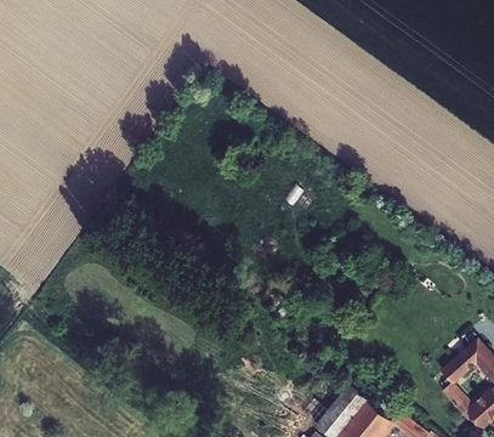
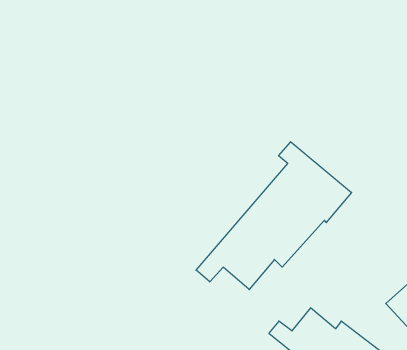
building: none -> [196,142,352,290]

